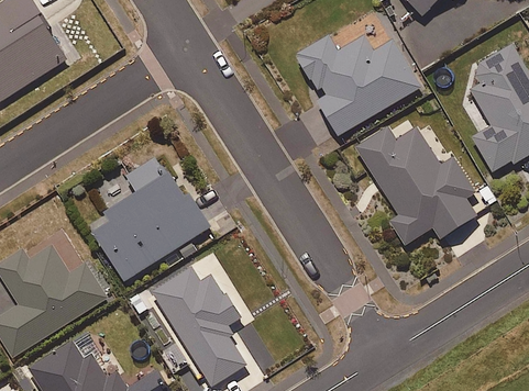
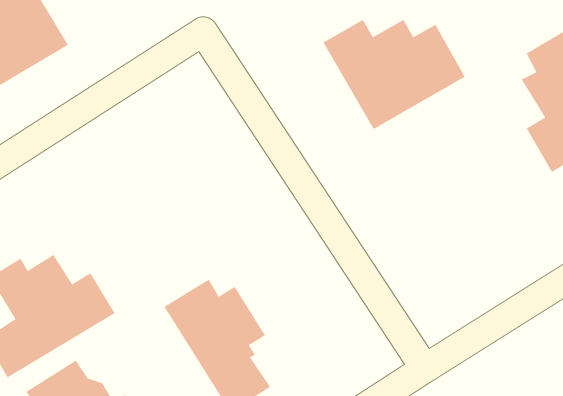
building: [357,127,477,244] -> none
building: [96,155,210,280] -> none

